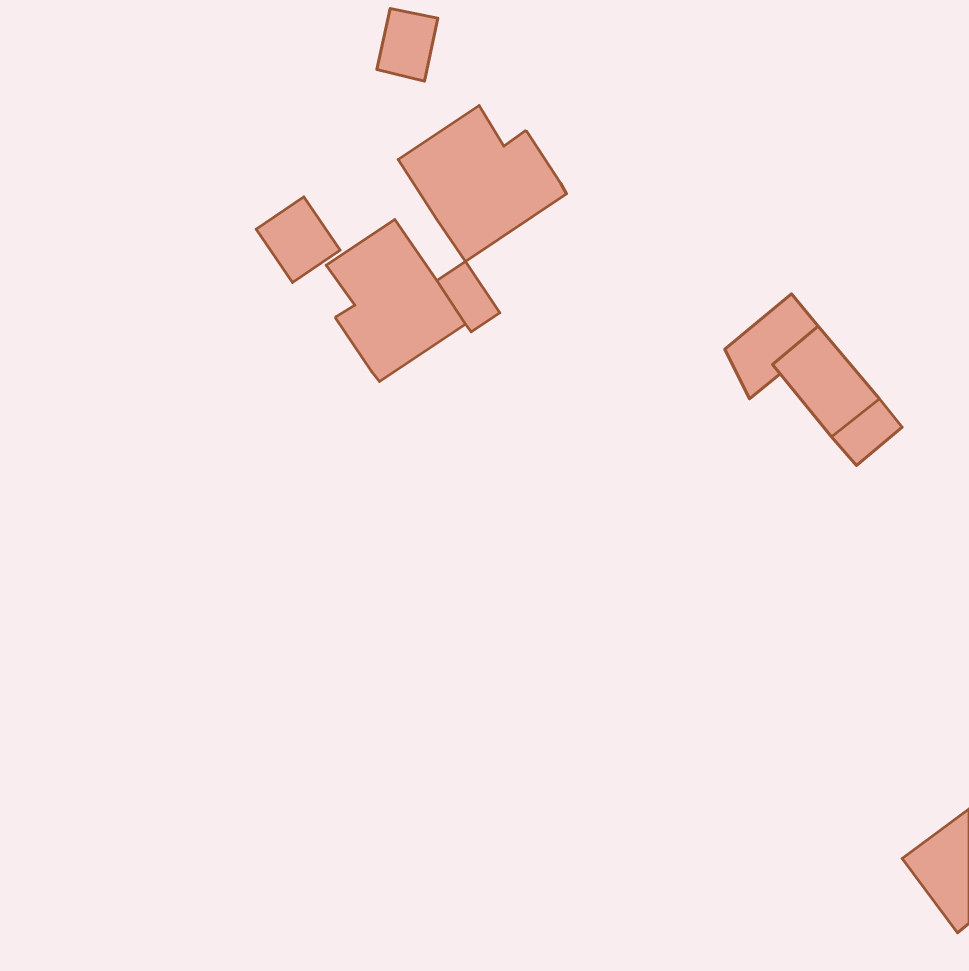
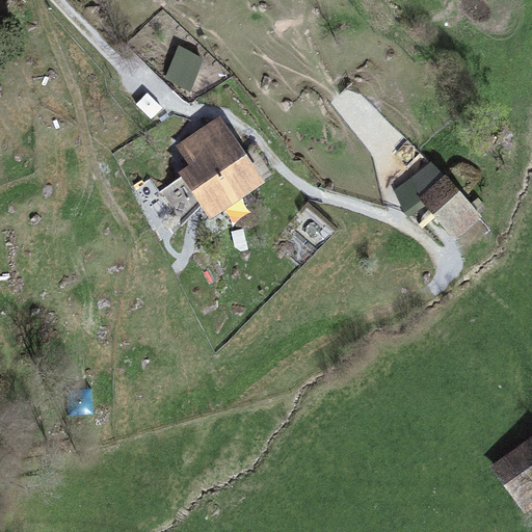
building: [377,9,438,81] -> [169,45,203,84]
building: [398,106,566,261] -> none
building: [256,197,340,283] -> [157,174,203,220]

